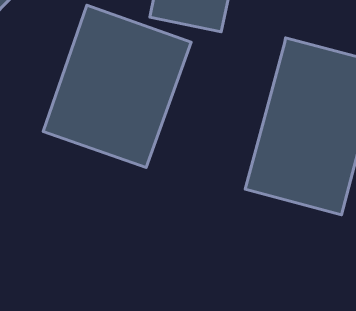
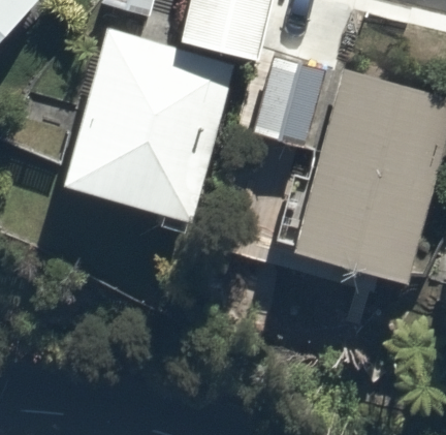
building: none -> [254,56,344,154]

